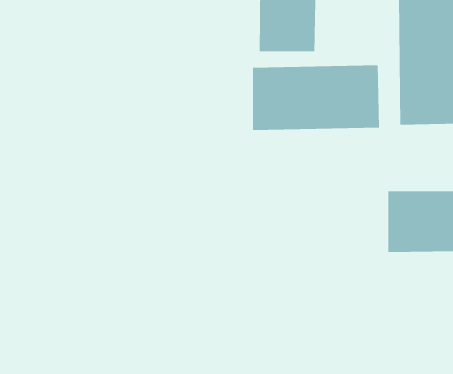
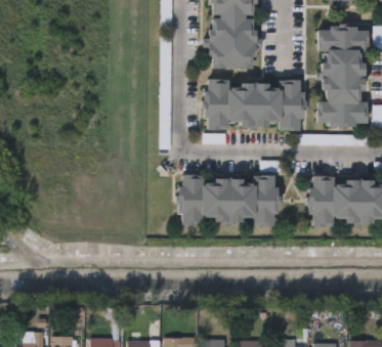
building: none -> [178,175,275,225]

